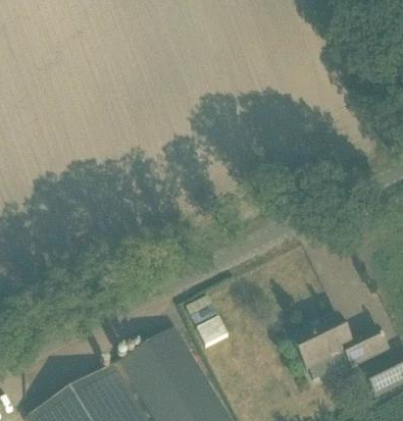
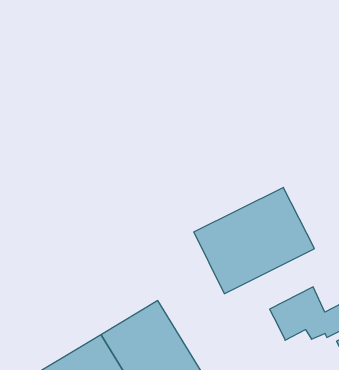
building: none -> [194,187,314,294]

